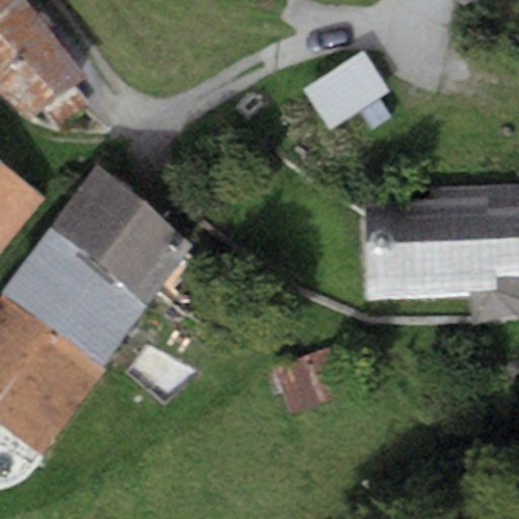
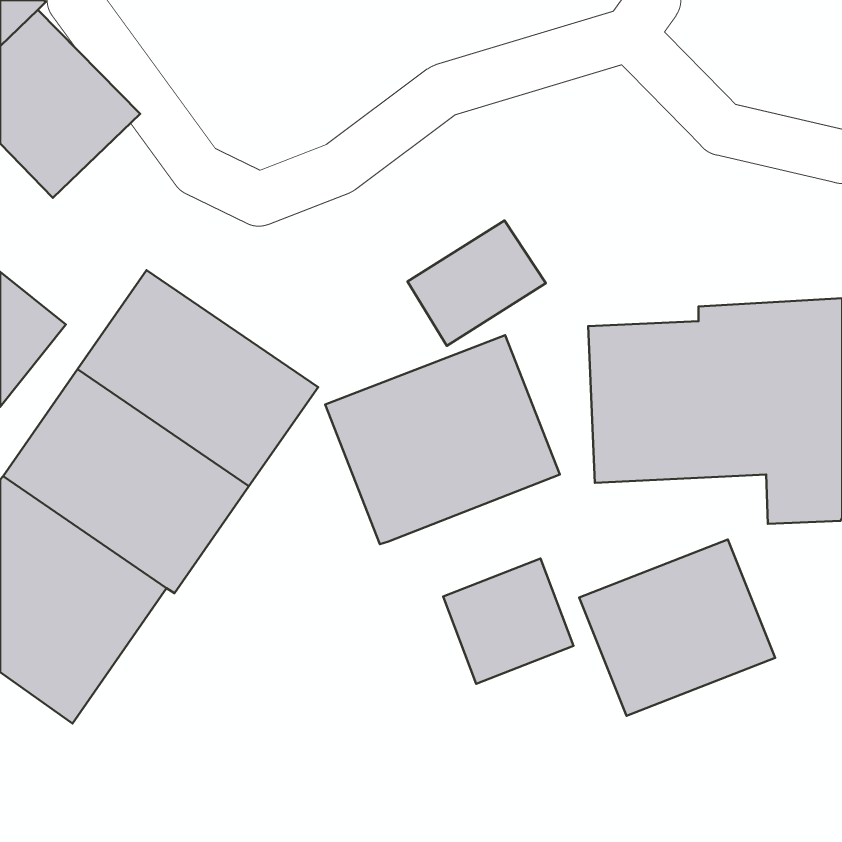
building: [304,52,389,129] -> [407,221,546,346]
building: none -> [325,335,560,544]
building: none -> [579,540,775,716]

